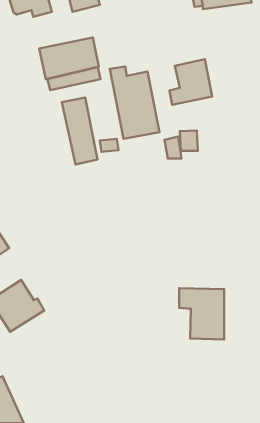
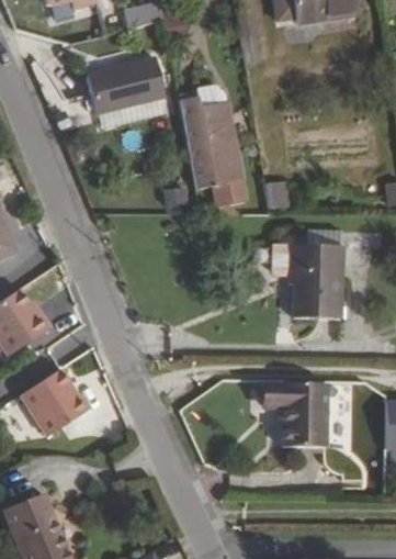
building: [169,59,212,105] -> none
building: [62,97,97,164] -> none
building: none -> [273,242,342,318]

